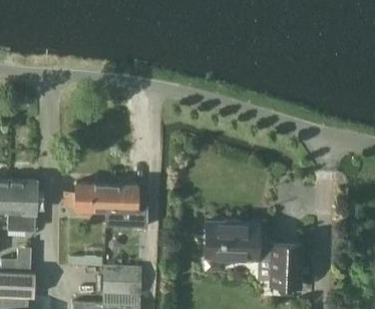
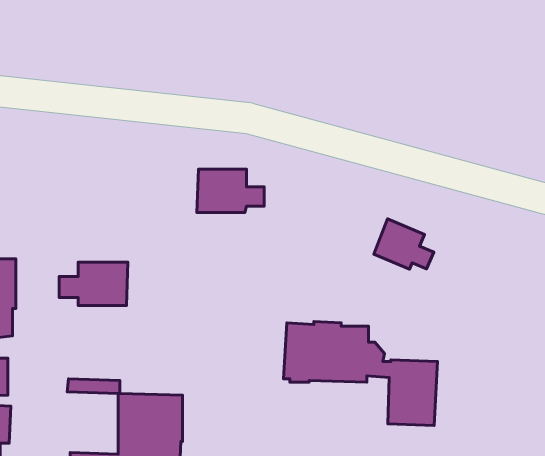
building: none -> [374,219,434,269]
building: [107,185,149,212] -> [197,169,264,212]

